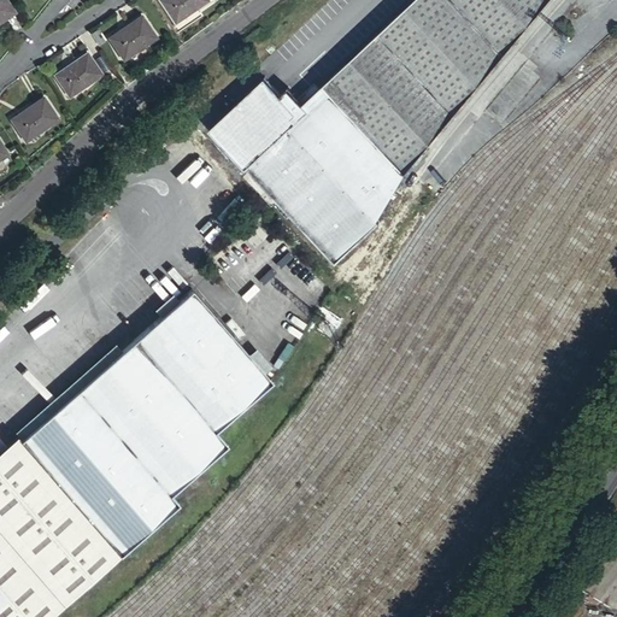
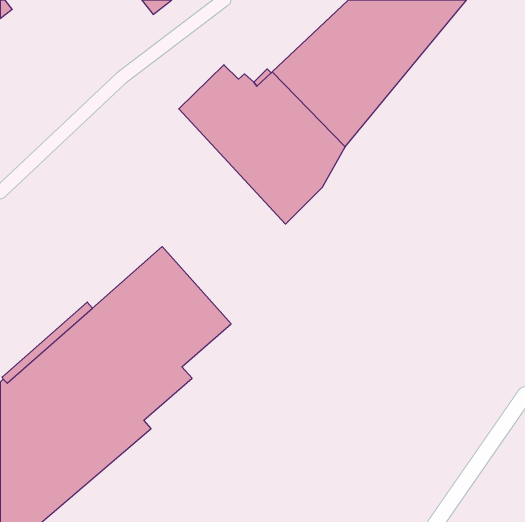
building: [113,18,159,61] -> none
building: [63,60,106,102] -> none
building: [13,100,57,142] -> none

